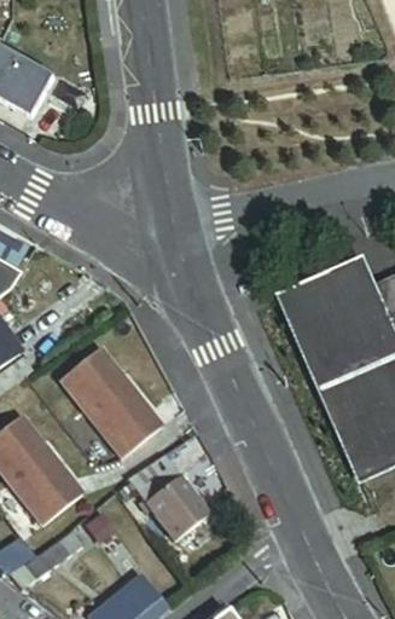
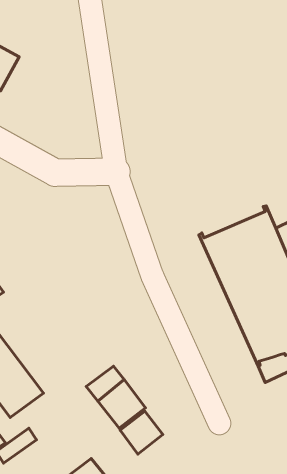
building: [63,346,162,456] -> none
building: none -> [120,411,163,454]

